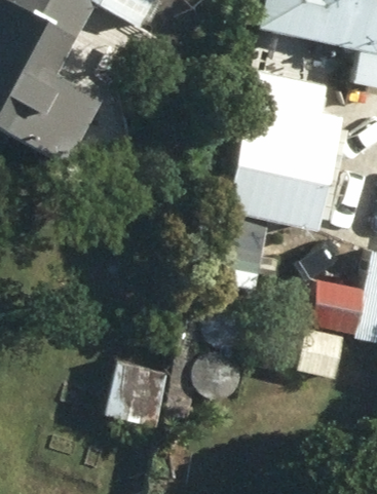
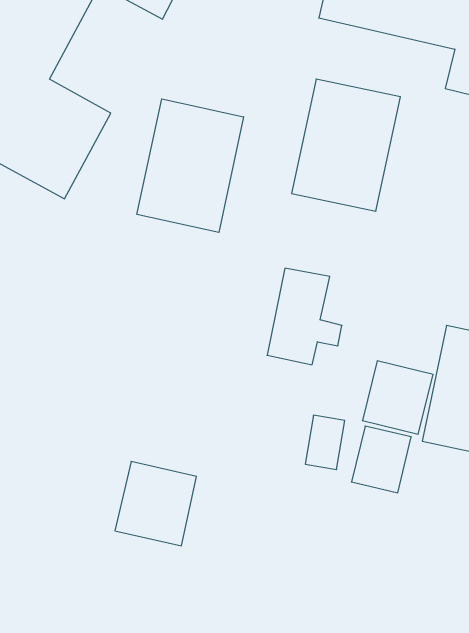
building: none -> [137,99,244,232]

